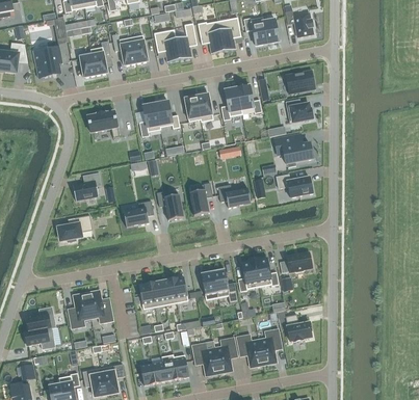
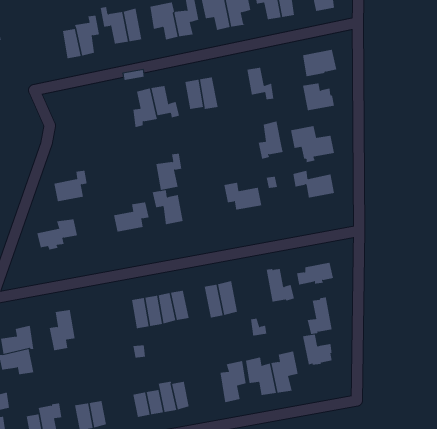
building: [33,41,69,77] -> none
building: [220,86,242,119] -> [258,121,283,160]
building: [87,110,119,137] -> none
building: [189,182,212,214] -> [155,153,182,191]
building: [237,258,259,290] -> [307,297,332,334]
building: [86,289,113,322] -> none
building: [191,340,218,374] -> none

